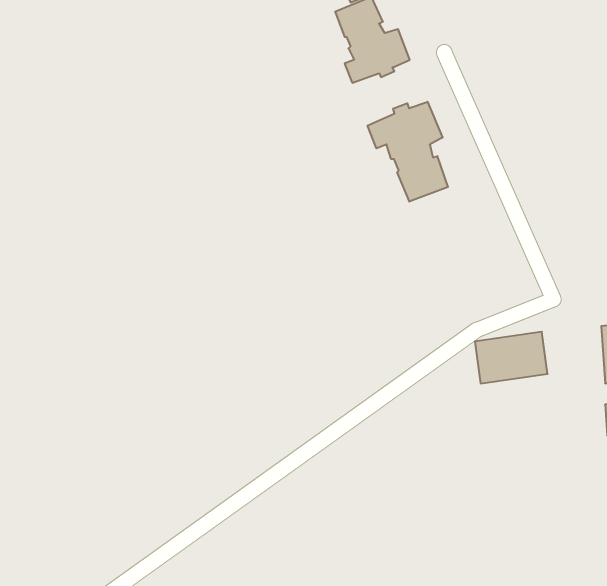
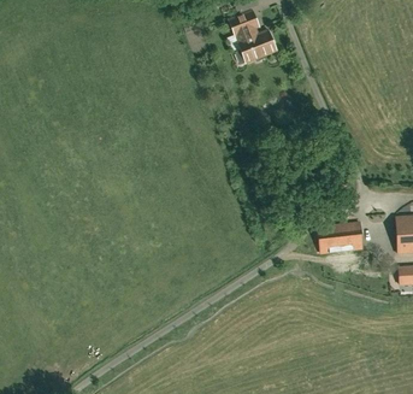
building: [368,102,448,202] -> none

